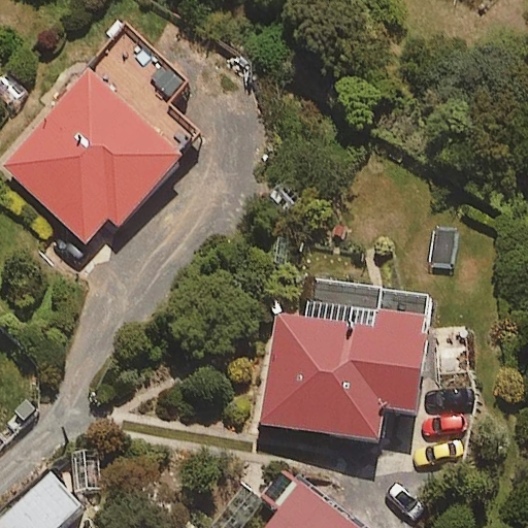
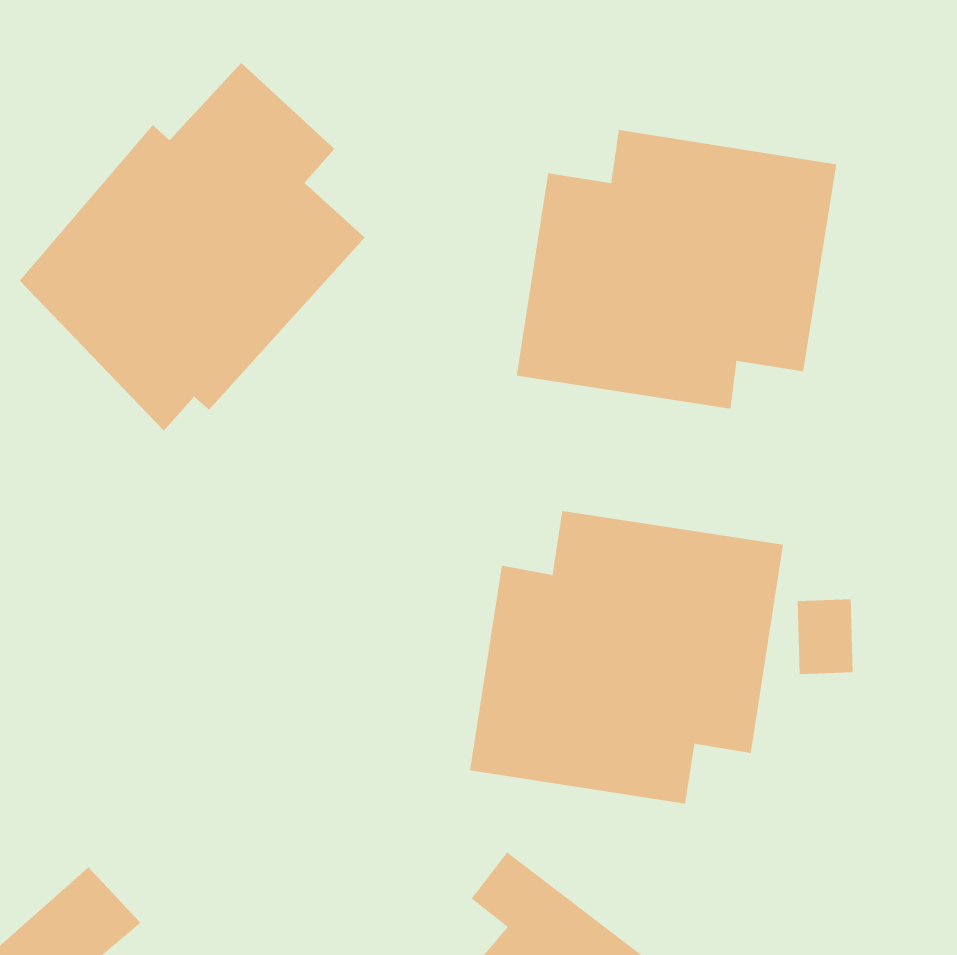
building: none -> [516,129,837,410]

